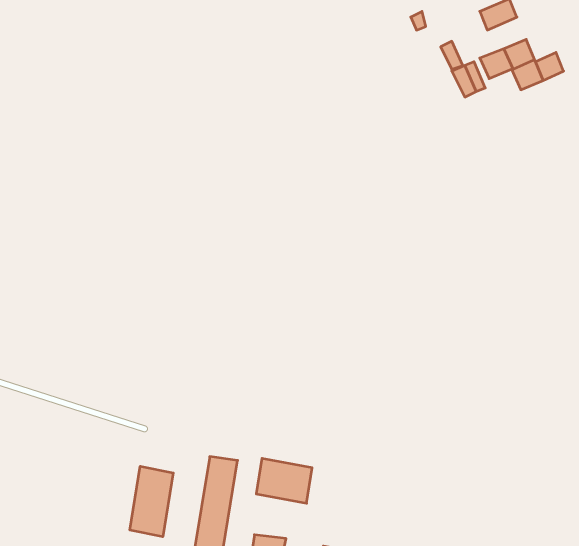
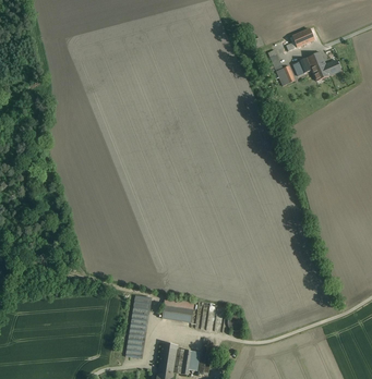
building: [130,466,173,537] -> none

